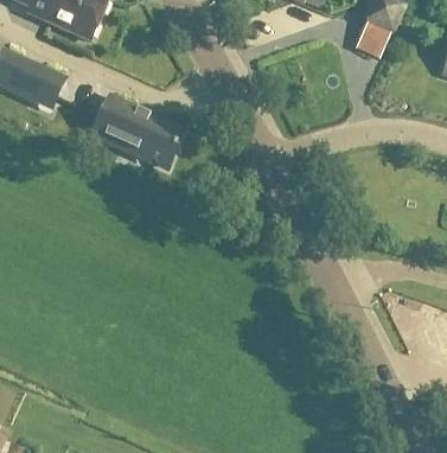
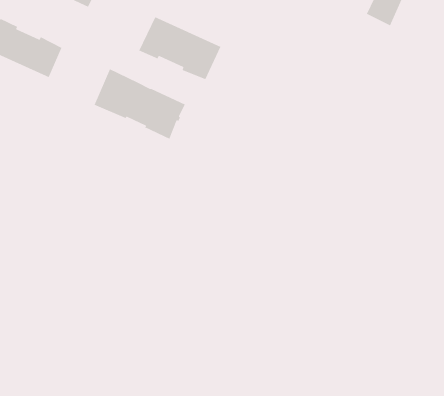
building: none -> [138,16,222,80]

